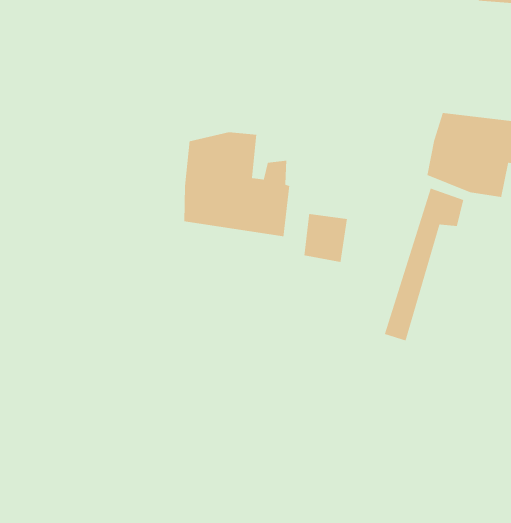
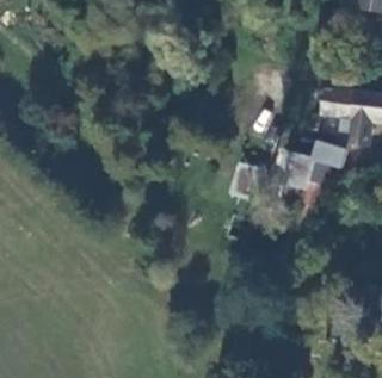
building: [183,132,290,237] -> none

